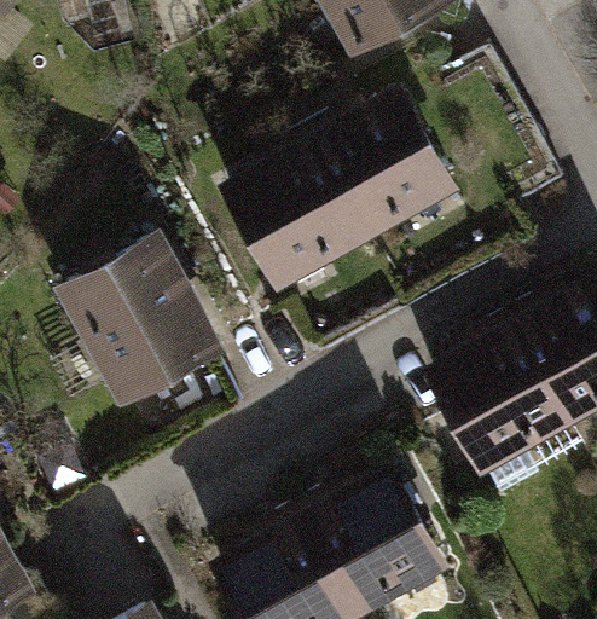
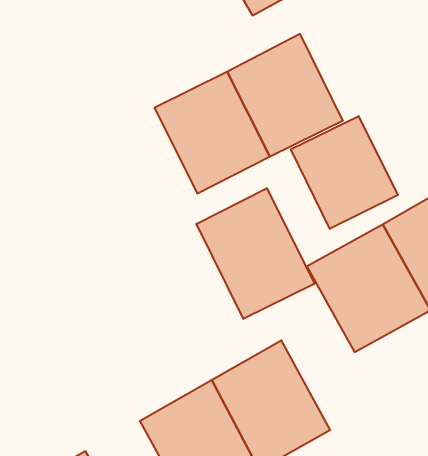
building: none -> [291,116,398,229]
building: [54,233,227,411] -> none
building: none -> [196,188,315,319]

